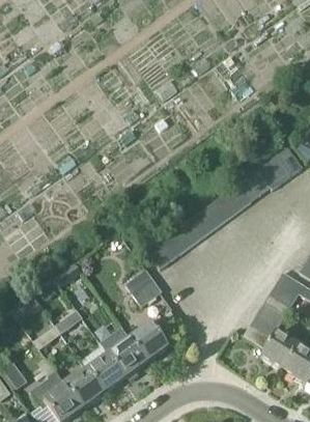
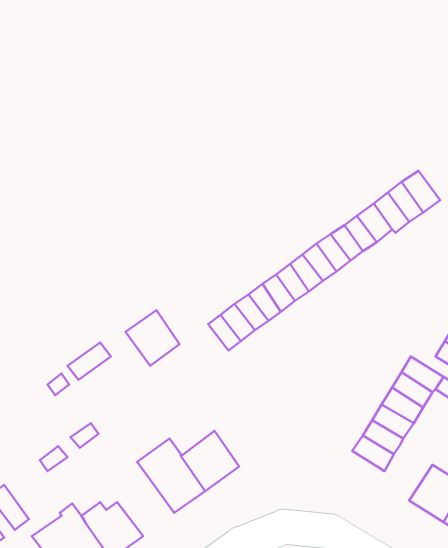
building: [125,268,162,305] -> [125,310,180,366]
building: [261,330,298,367] -> none
building: [86,353,124,391] -> none

